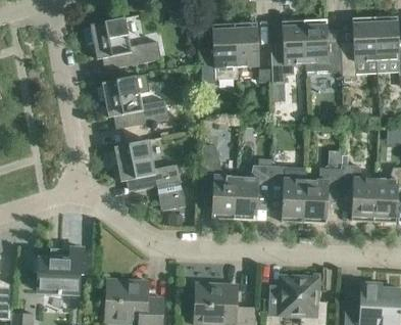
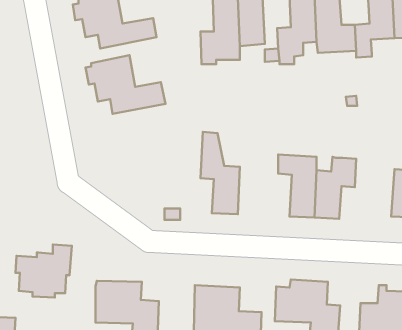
building: [109,139,186,211] -> none
building: [235,165,271,220] -> none
building: [341,165,377,221] -> none

